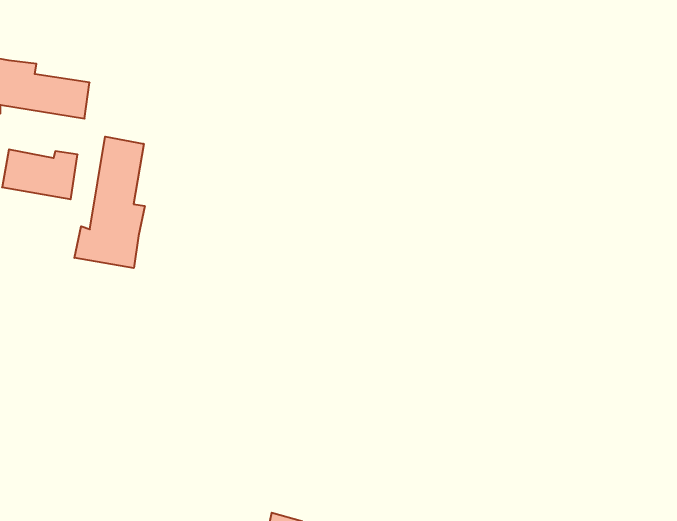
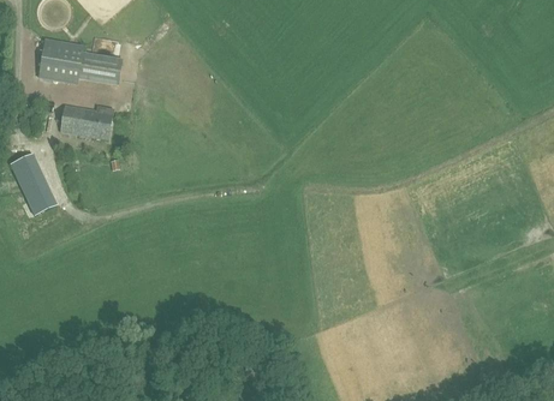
building: [74,137,145,268] -> none

